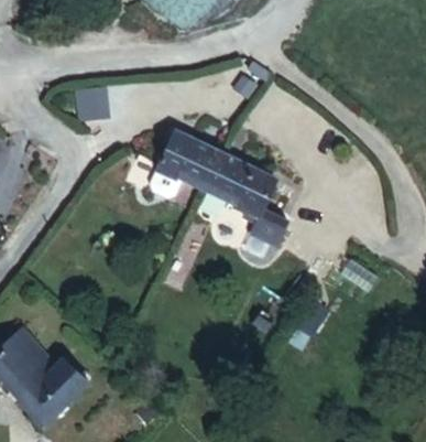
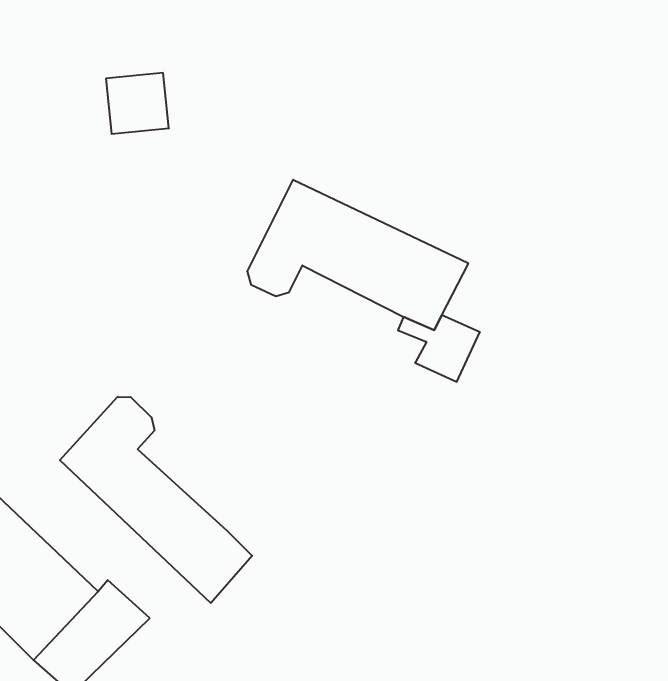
building: none -> [60,397,252,603]

